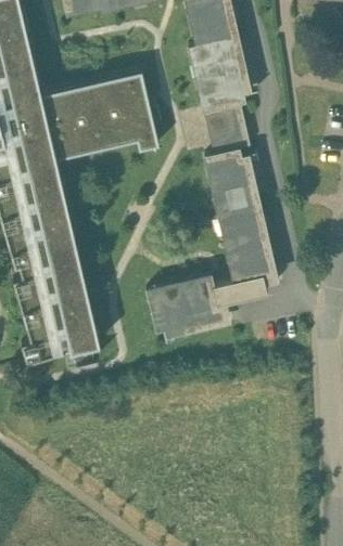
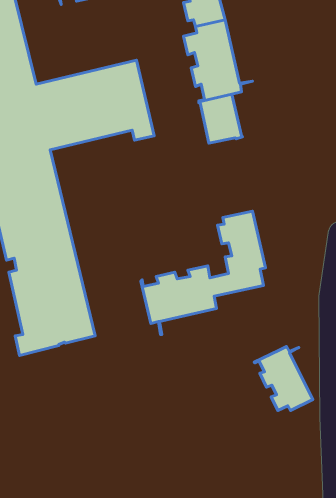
building: [204,146,257,225] -> none
building: none -> [254,346,313,411]

